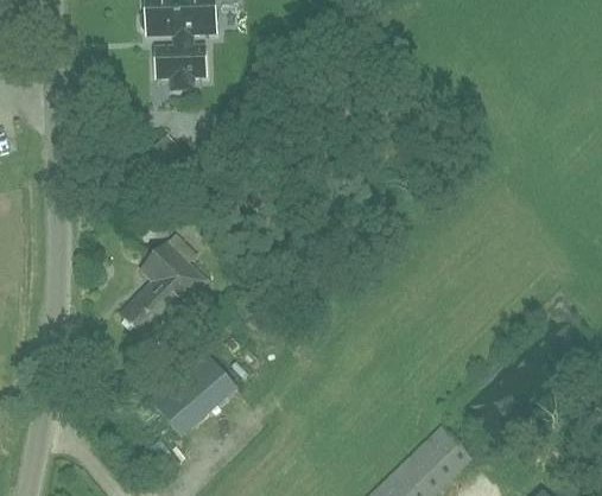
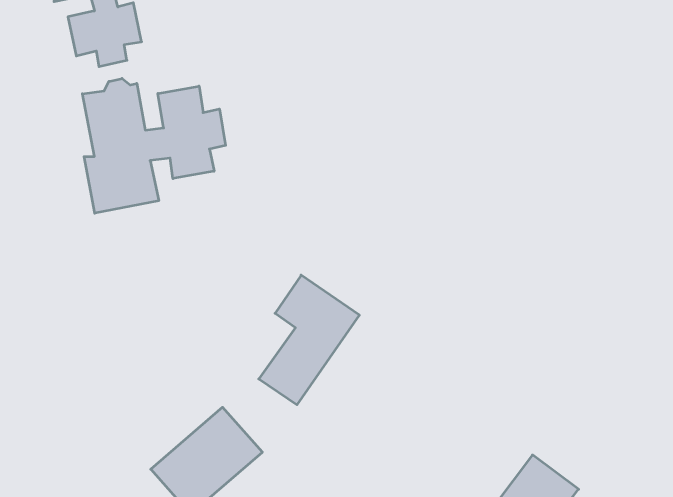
building: none -> [82,78,226,213]
building: [121,243,203,338] -> [259,275,359,405]

